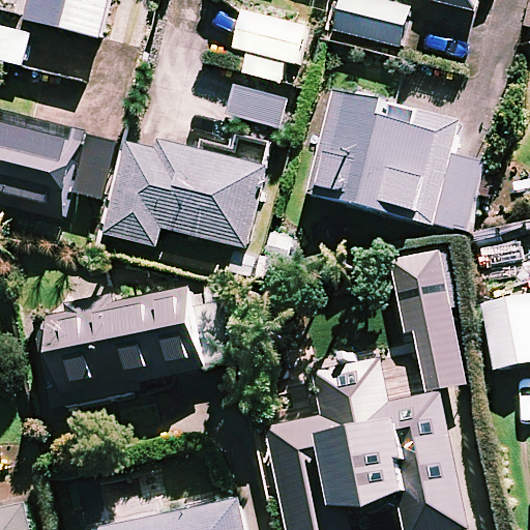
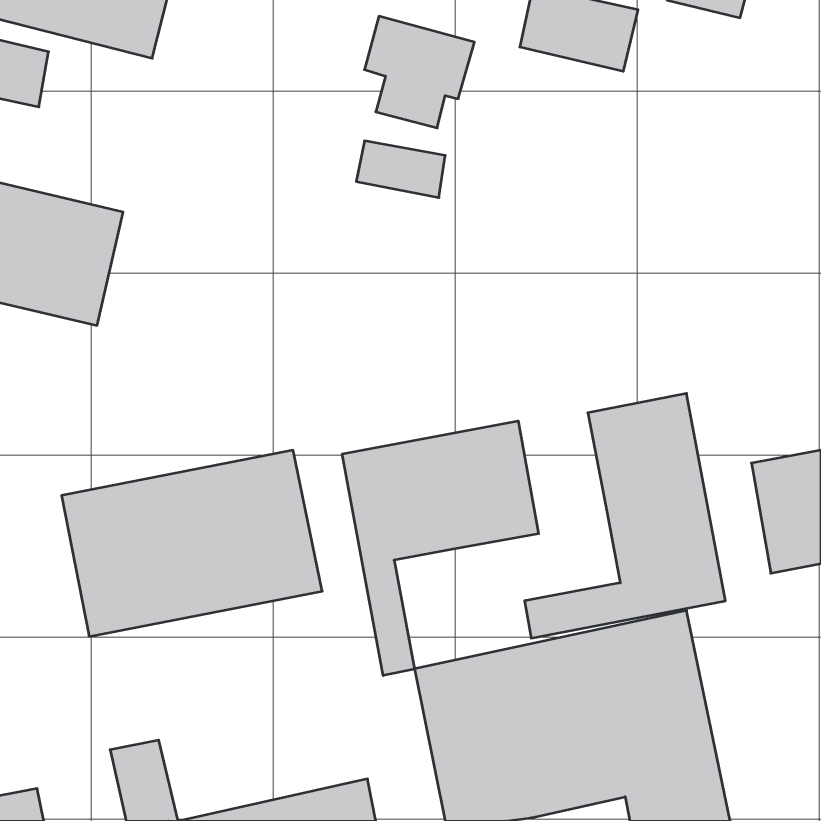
building: [310,92,482,232] -> none
building: [104,130,266,247] -> none
building: none -> [342,421,539,676]

